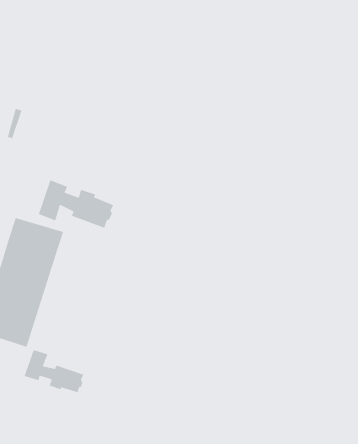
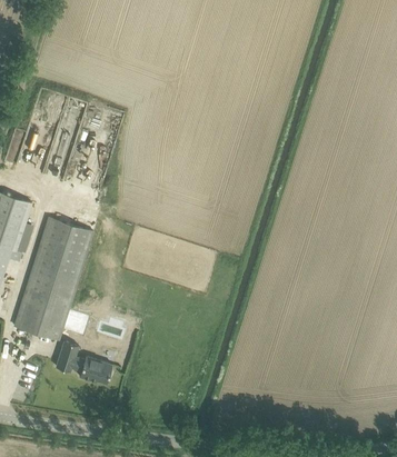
building: [38,179,114,229] -> none

